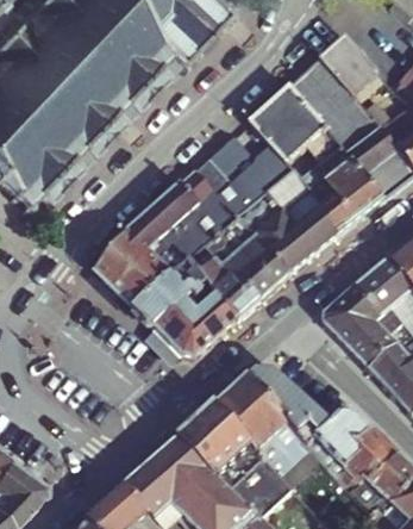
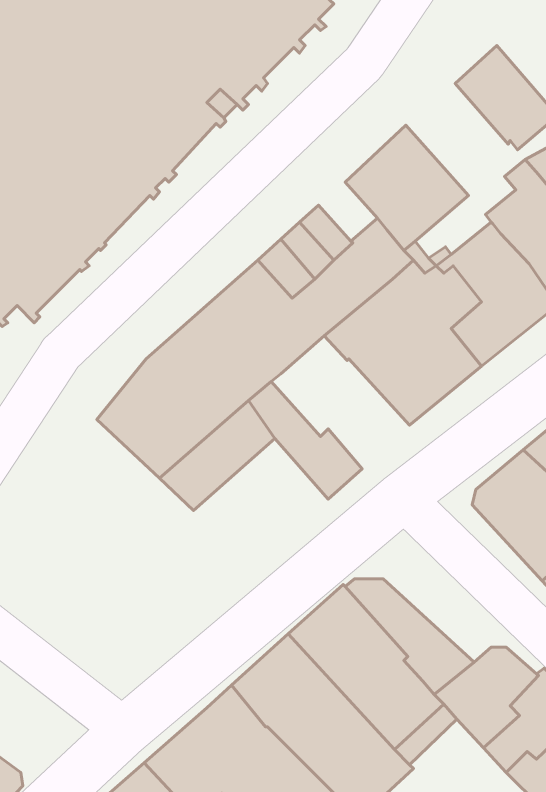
building: [287,56,362,138] -> none
building: [202,214,289,298] -> none
building: [154,279,238,356] -> none

